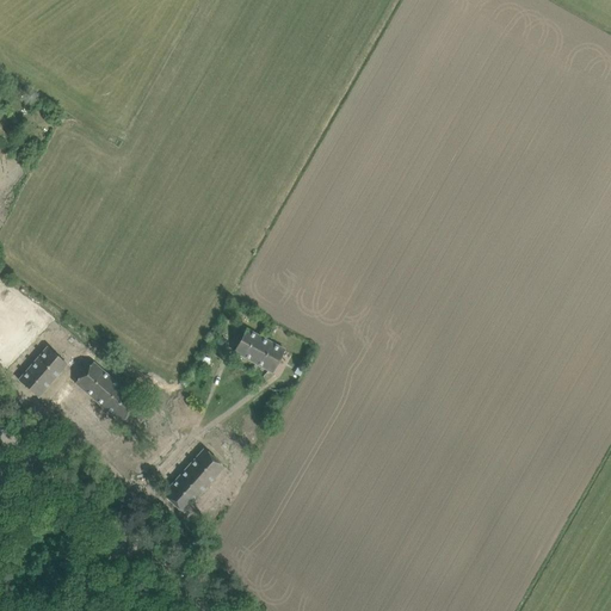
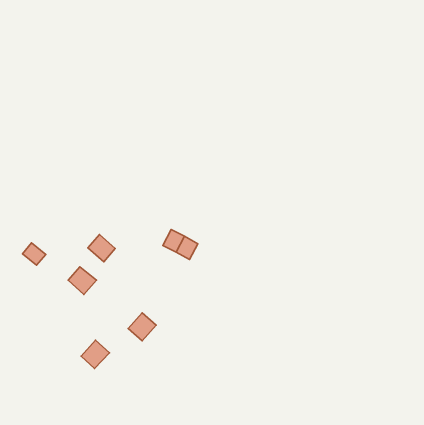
building: [76,363,116,402] -> [88,234,115,262]
building: [20,364,54,397] -> none
building: [165,471,205,512] -> [81,340,110,369]

